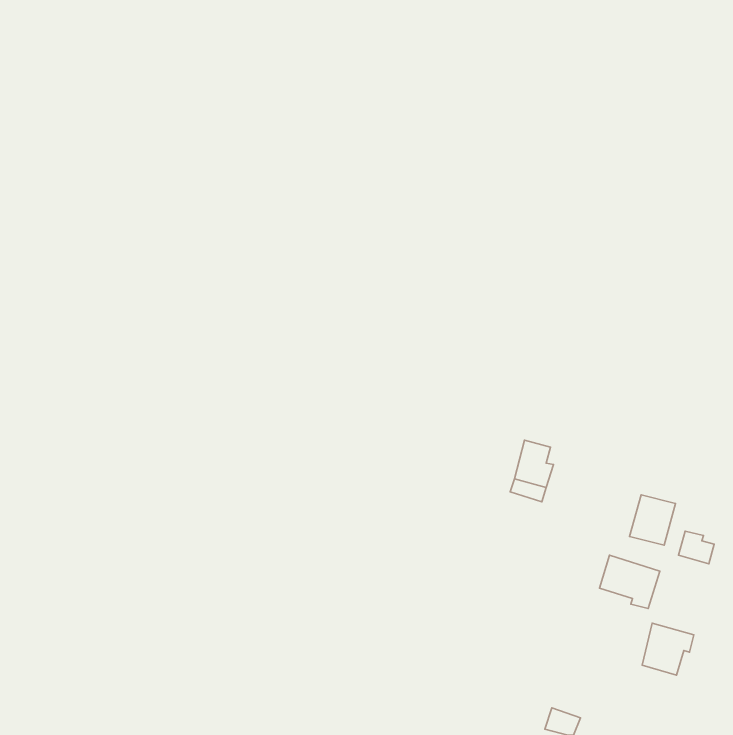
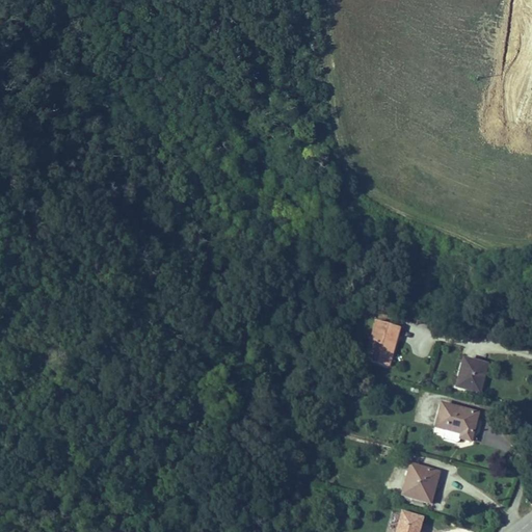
building: [679,531,714,564] -> none
building: [642,623,694,675] -> [403,461,441,499]

